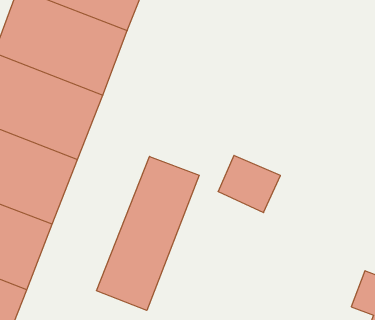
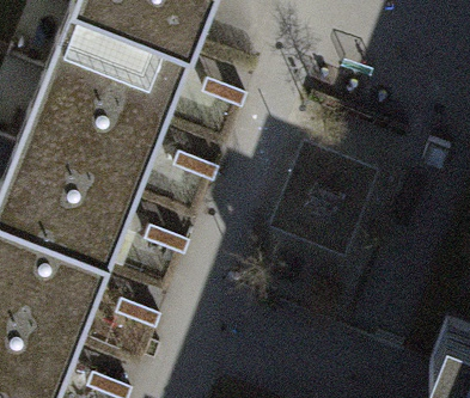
building: [97,156,199,310] -> none

